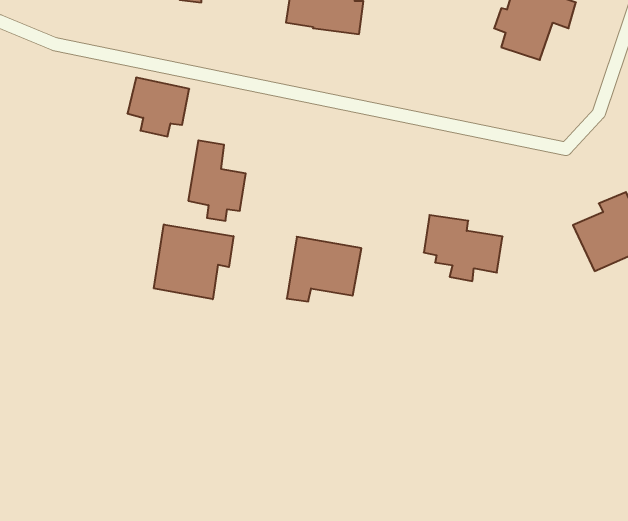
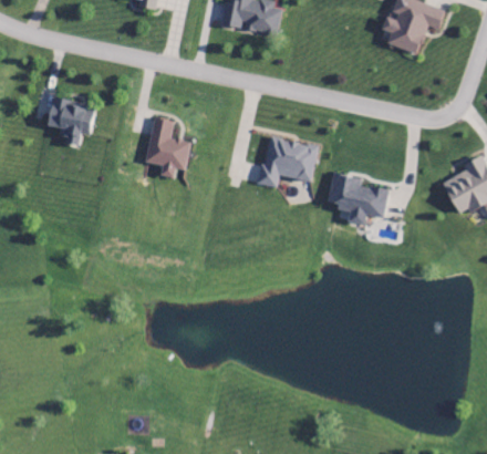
building: [127,78,189,136] -> [48,99,95,144]
building: [154,224,233,299] -> none
building: [287,237,361,301] -> [260,137,318,187]

